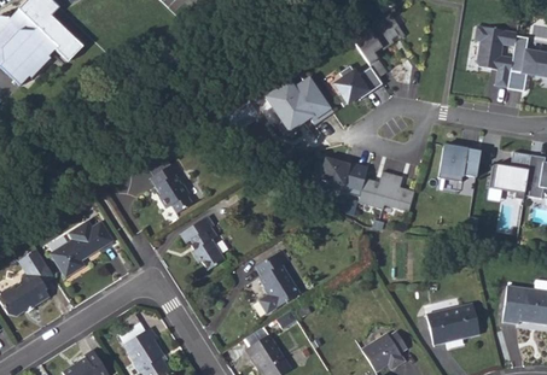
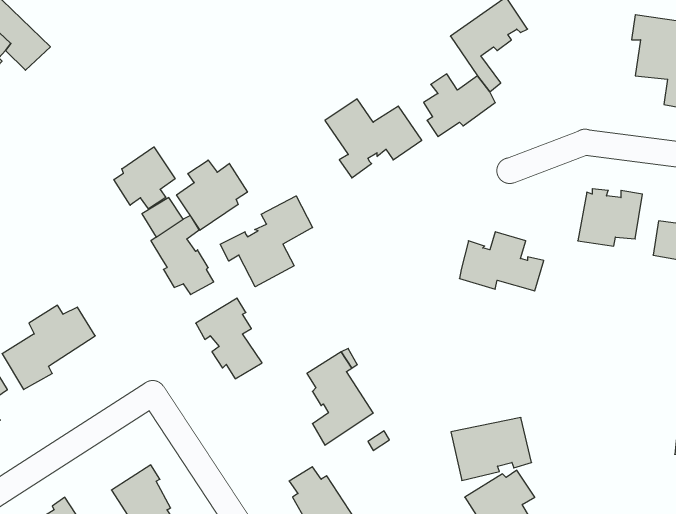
building: none -> [114,147,175,209]
building: none -> [177,160,247,230]
building: none -> [220,196,313,287]
building: [320,156,367,195] -> none
building: [425,303,479,345] -> [451,418,532,480]

